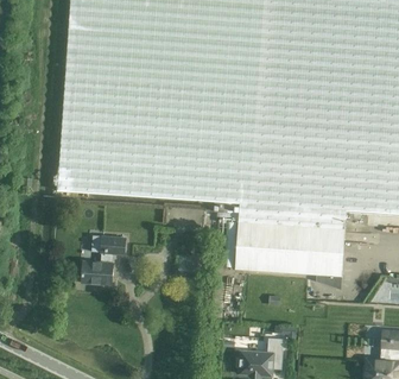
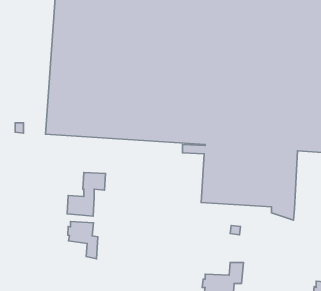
building: none -> [68,221,98,259]

